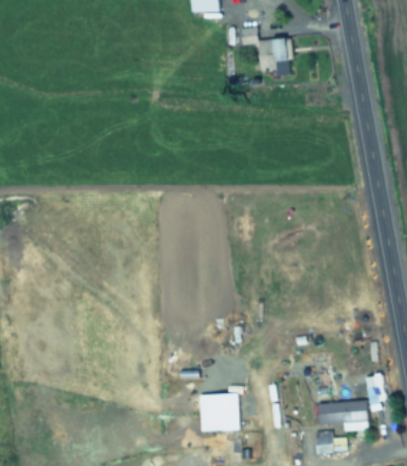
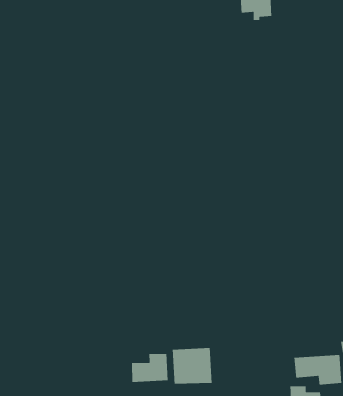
building: none -> [131,353,168,383]

